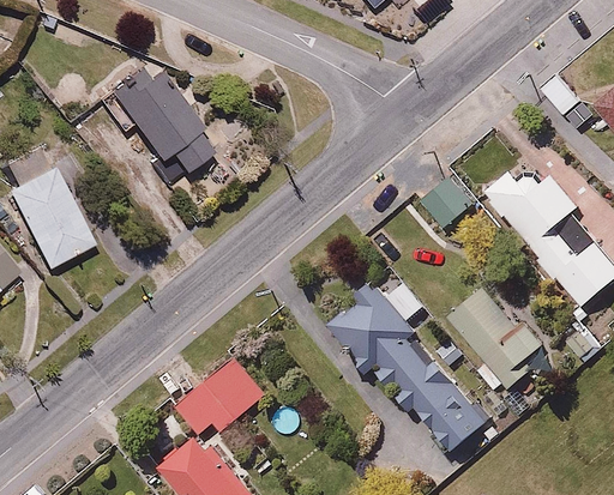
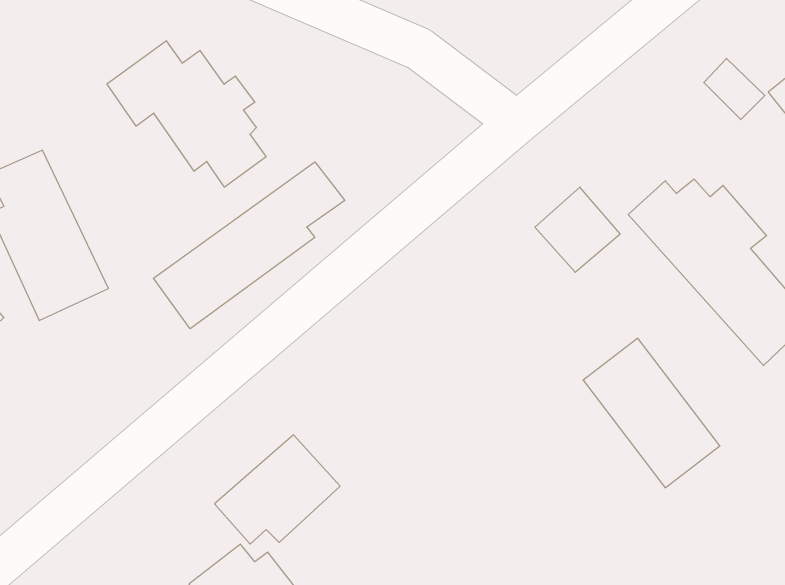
building: none -> [153,162,345,329]
building: [319,273,505,459] -> none

